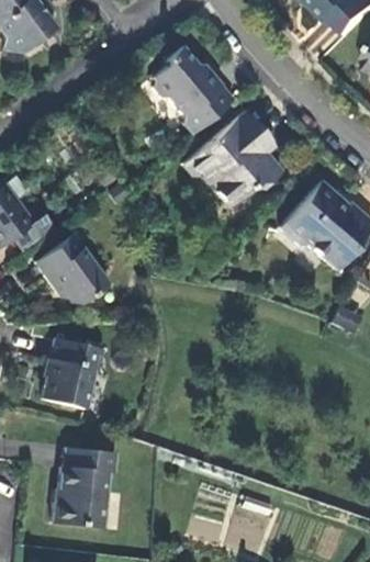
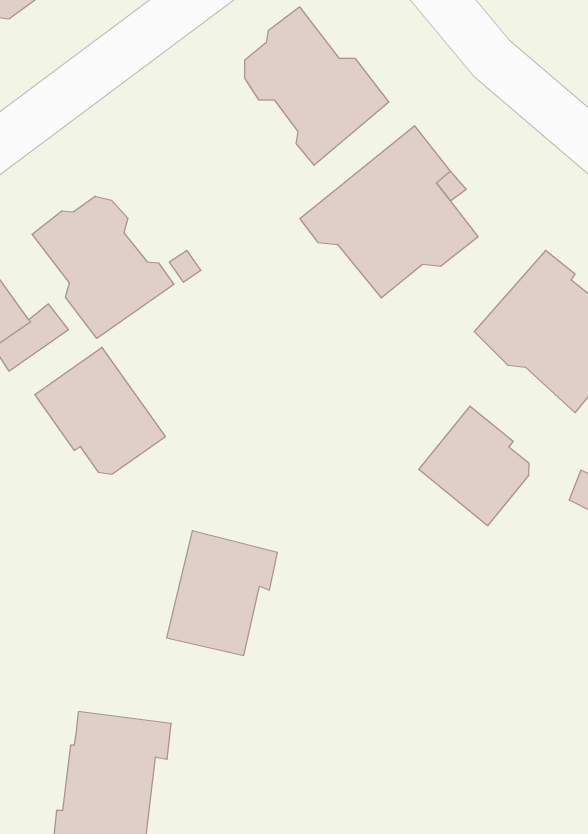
building: none -> [32,196,174,338]
building: none -> [419,406,529,526]
building: [42,342,103,412] -> [167,531,277,656]

